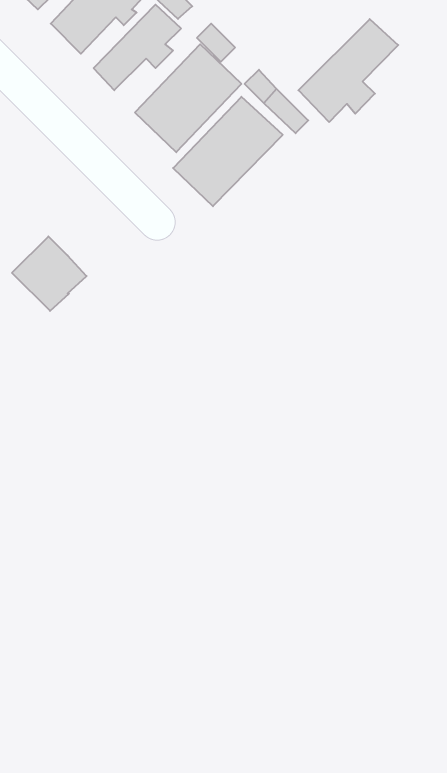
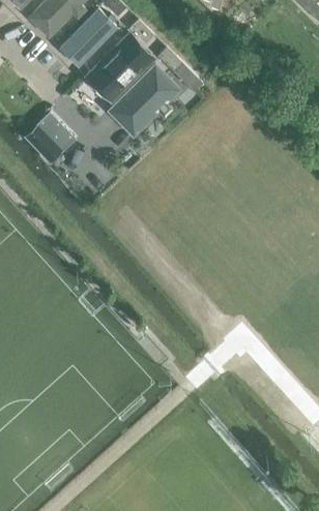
building: [298,19,398,122] -> none
building: [12,236,87,311] -> [24,114,72,162]

